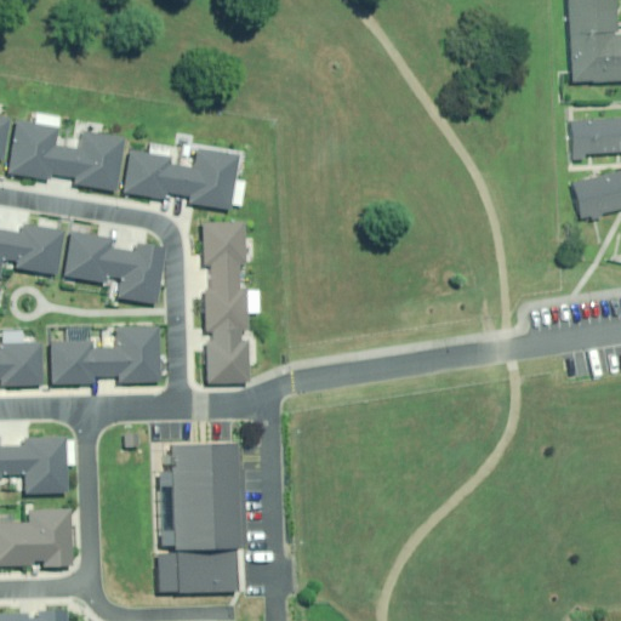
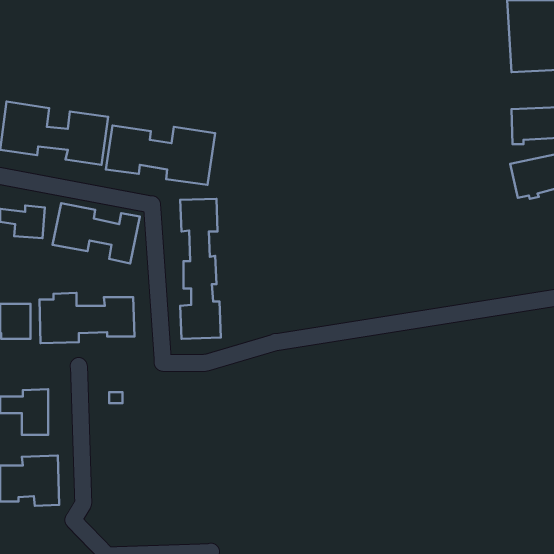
building: [156,452,245,597] -> none

